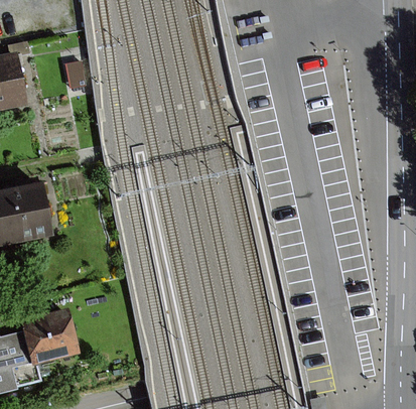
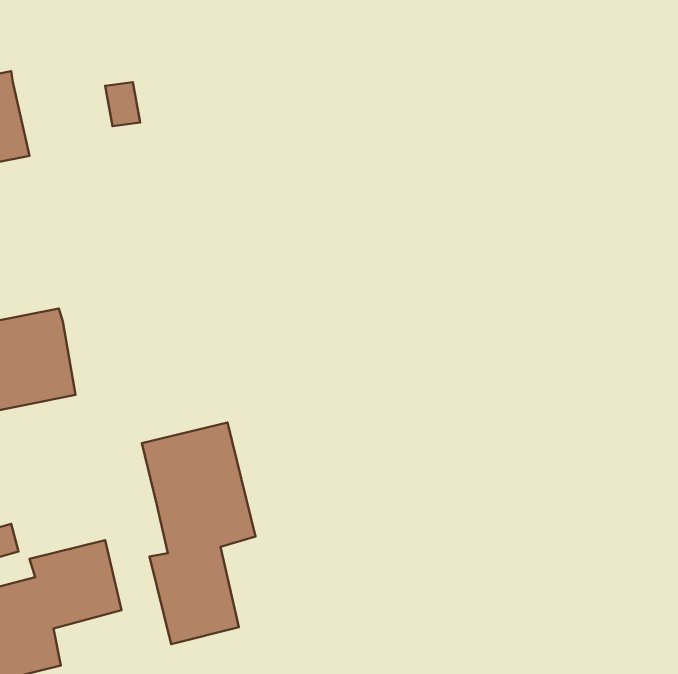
building: none -> [142,423,255,644]

